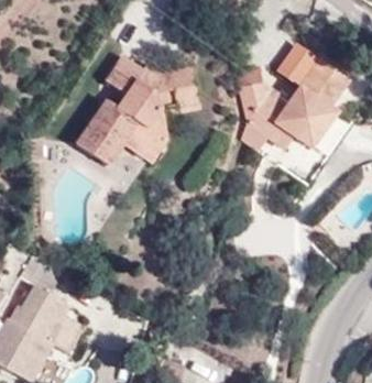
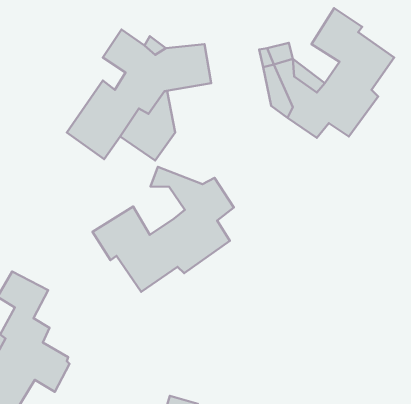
building: none -> [92,167,234,292]

